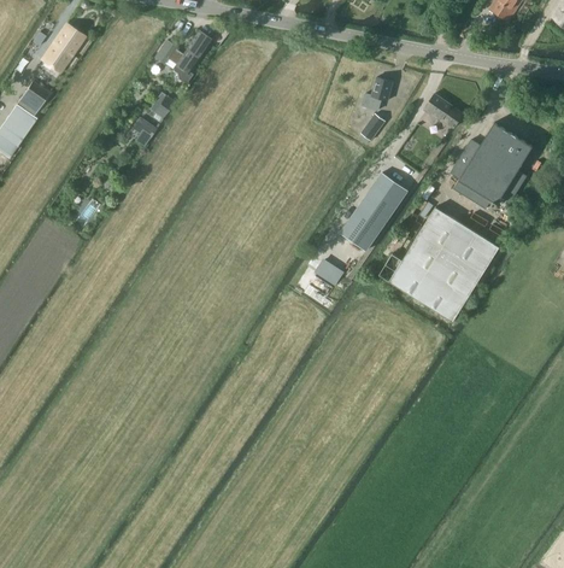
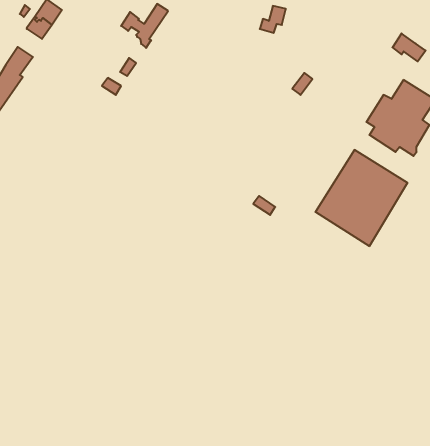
building: [360,77,392,110] -> [260,6,286,33]
building: [423,93,463,127] -> [392,33,426,61]
building: [342,175,410,256] -> none

